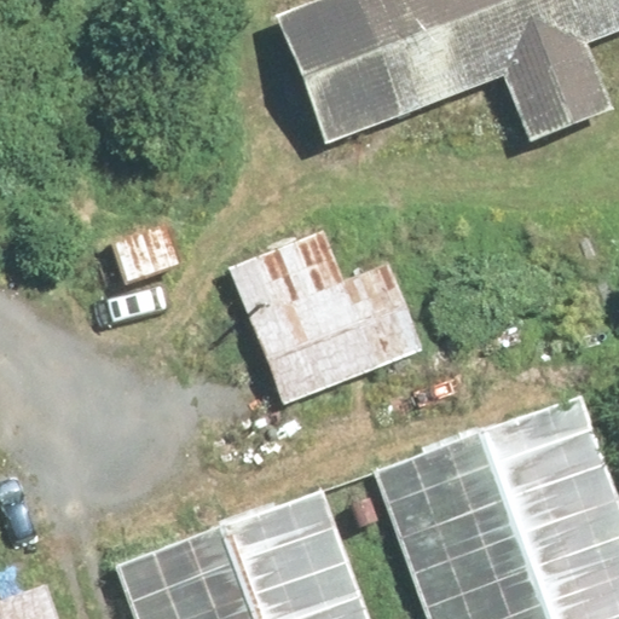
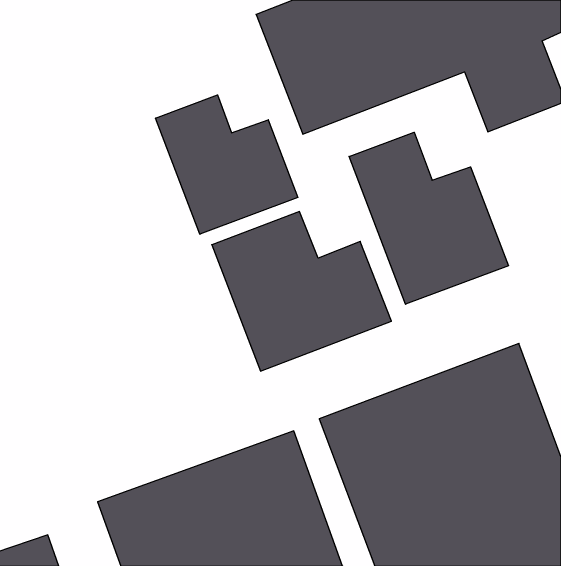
building: none -> [156,95,298,234]
building: none -> [349,132,508,304]

